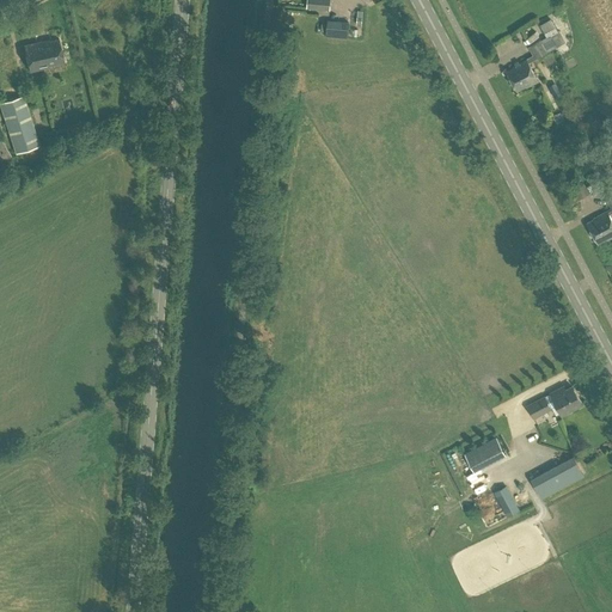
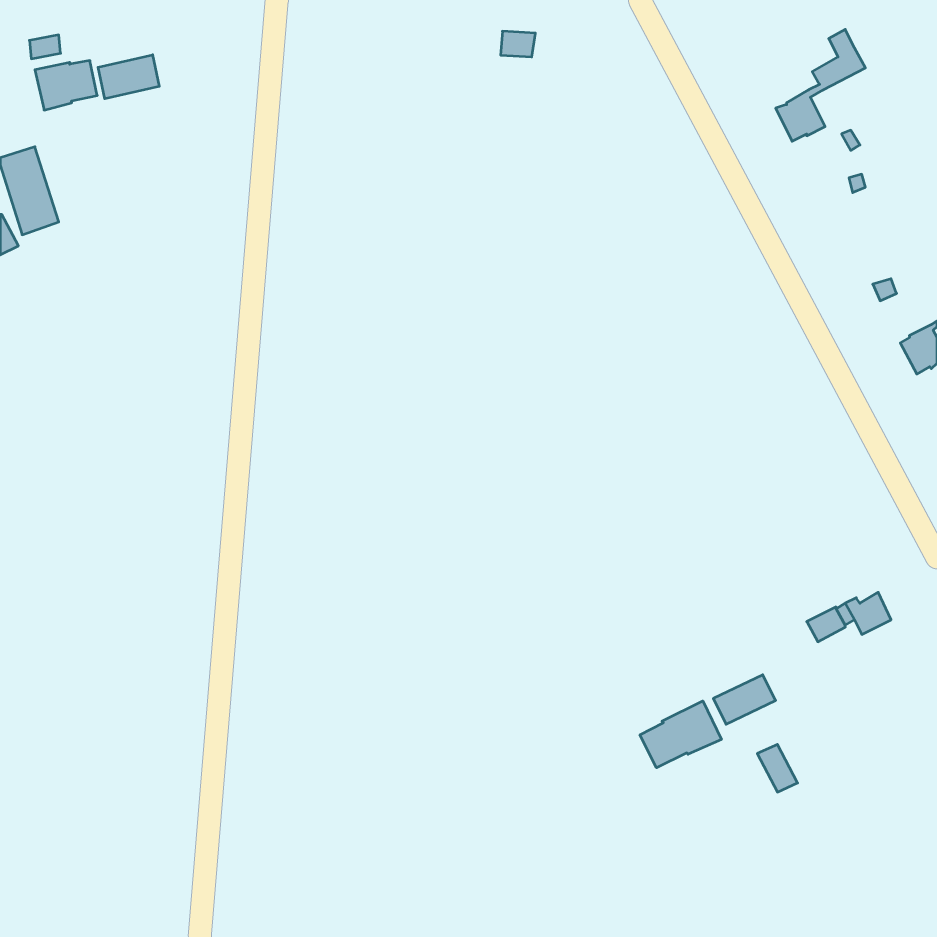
building: none -> [98,55,159,99]
building: [531,455,583,498] -> none
building: none -> [640,701,721,768]

